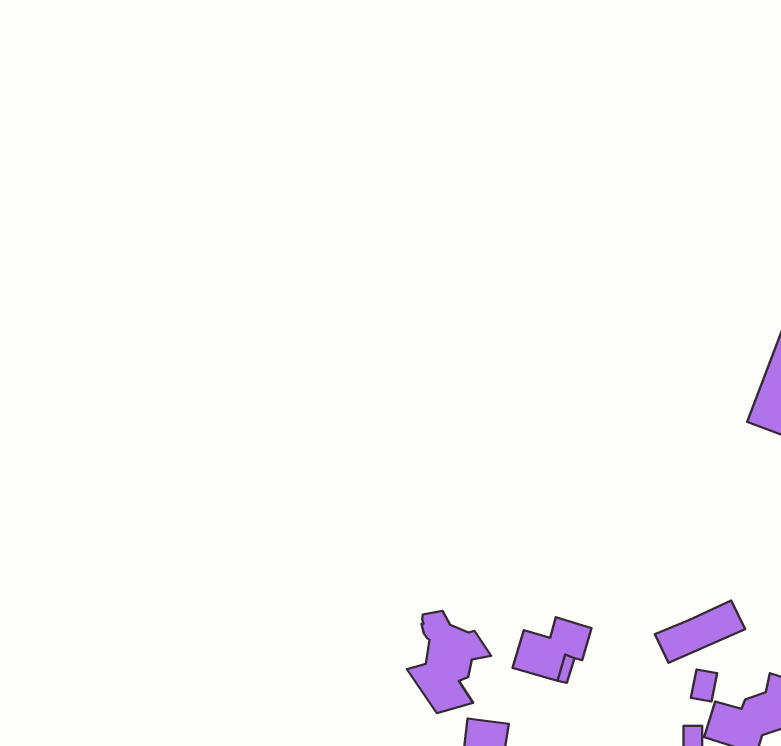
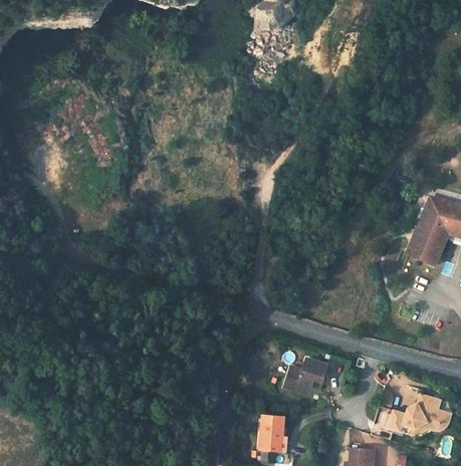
building: [655,600,745,663] -> none
building: [407,611,491,713] -> none

